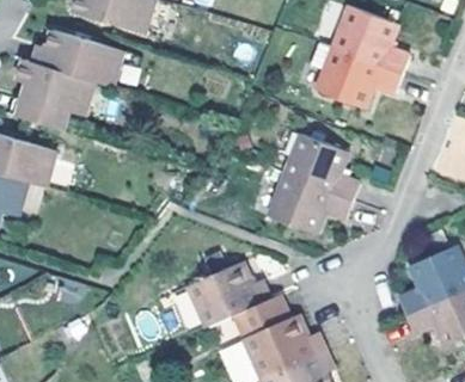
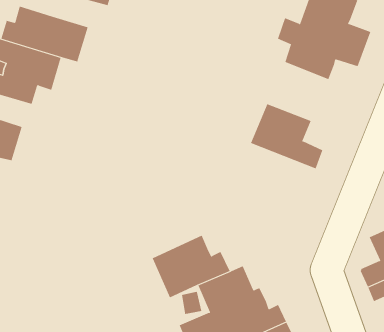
building: [270,170,354,228] -> none

